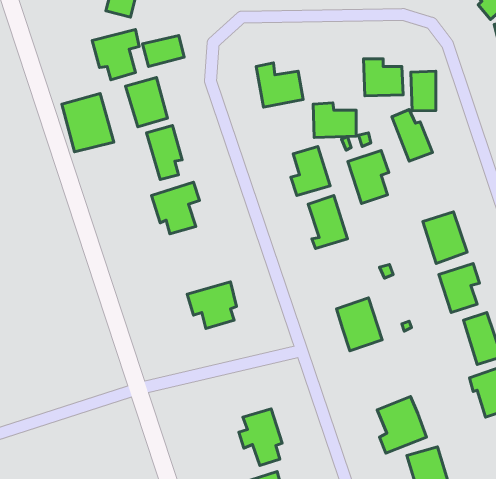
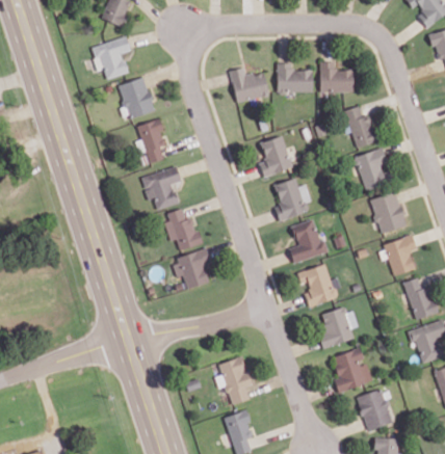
building: [143,36,184,66] -> none
building: [411,71,436,111] -> none
building: [62,93,114,152] -> none
building: [313,103,356,137] -> [277,63,313,92]
building: [348,150,389,203] -> [355,145,389,190]
building: none -> [165,208,202,250]
building: none -> [289,219,329,263]
building: none -> [319,305,357,349]

